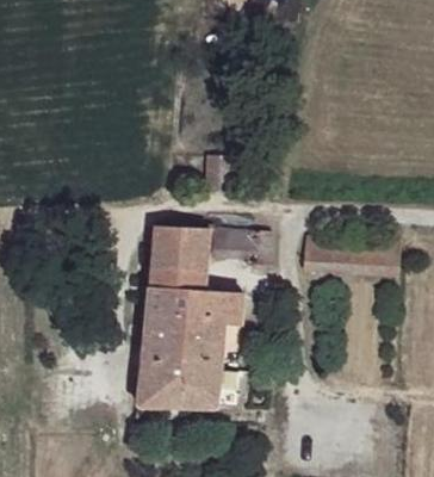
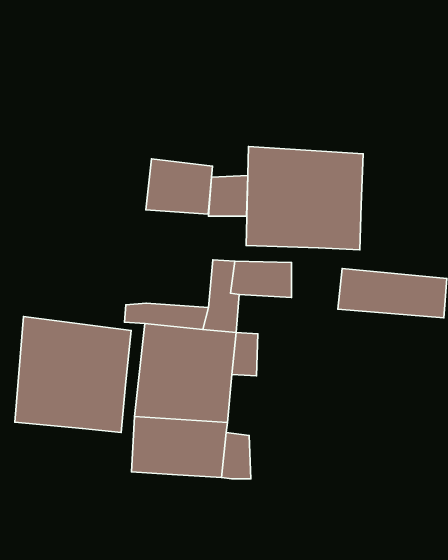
building: none -> [246,146,363,250]
building: [149,224,204,270] -> [146,159,212,214]
building: none -> [15,316,131,433]

